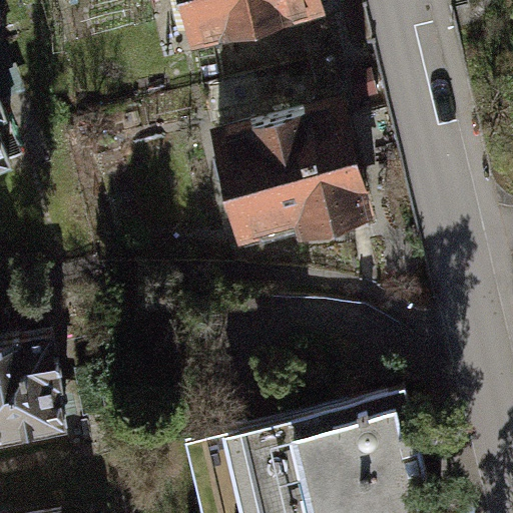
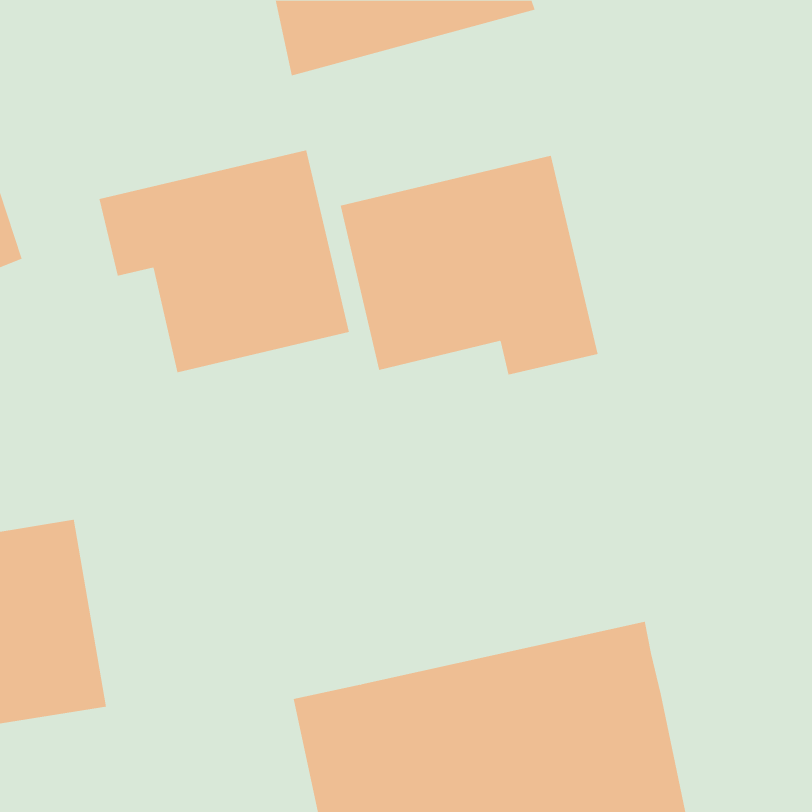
building: none -> [99,150,349,373]

